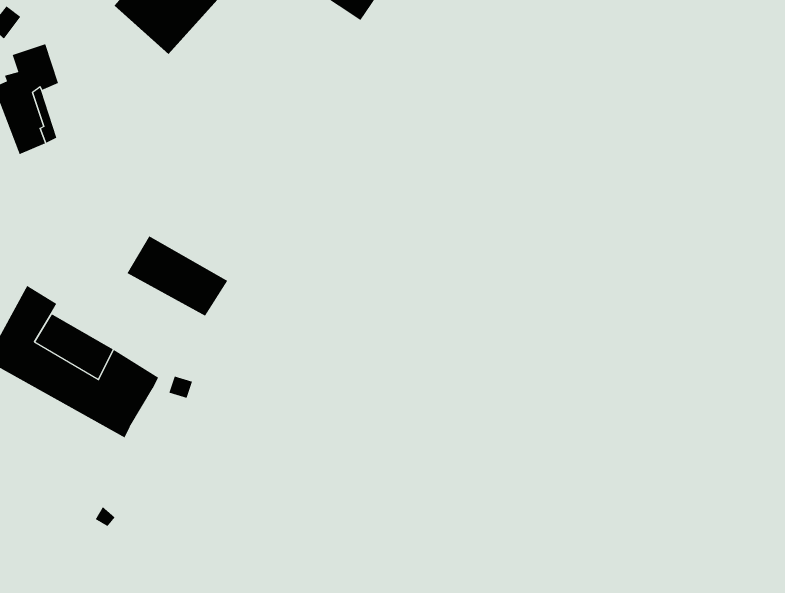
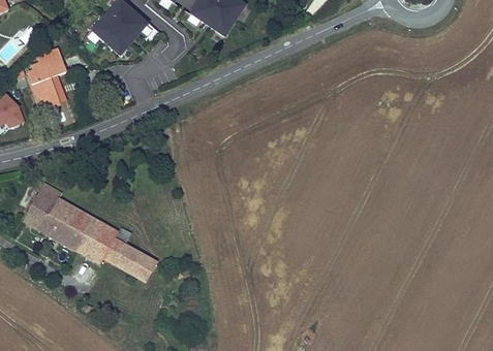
building: [126,235,228,317] -> [100,237,156,282]

